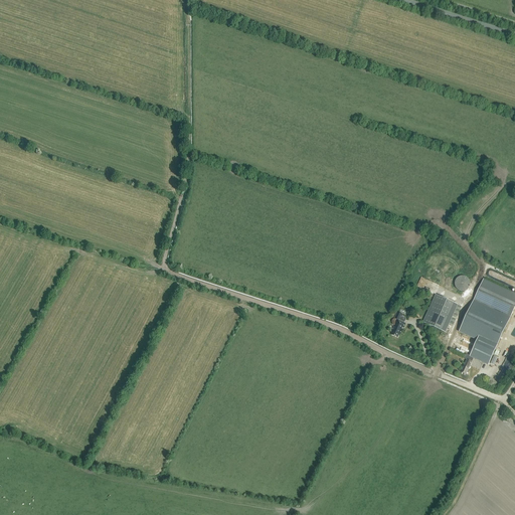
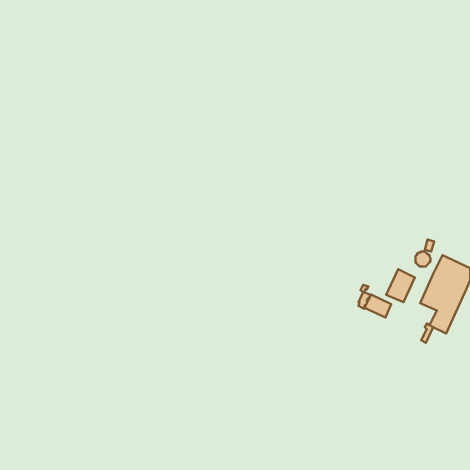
building: none -> [364,295,391,318]

